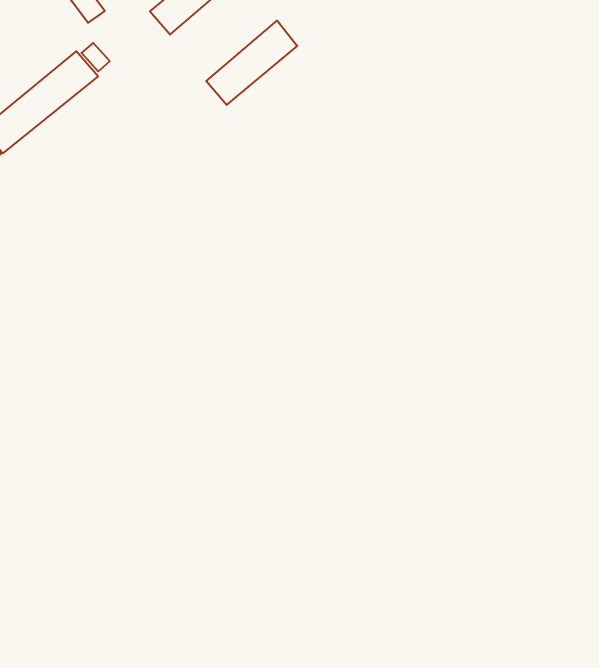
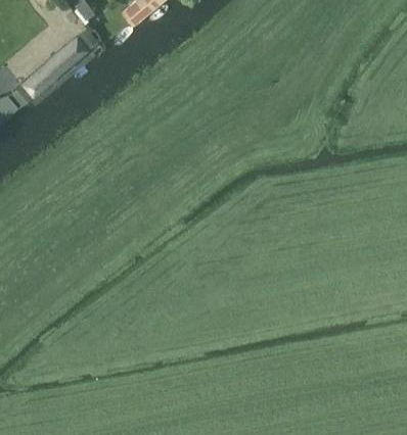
building: [206,21,297,105] -> none

